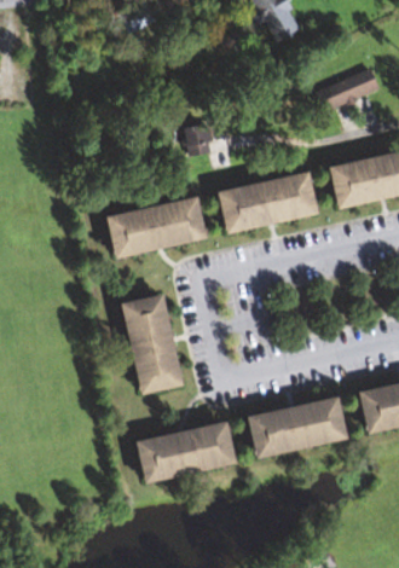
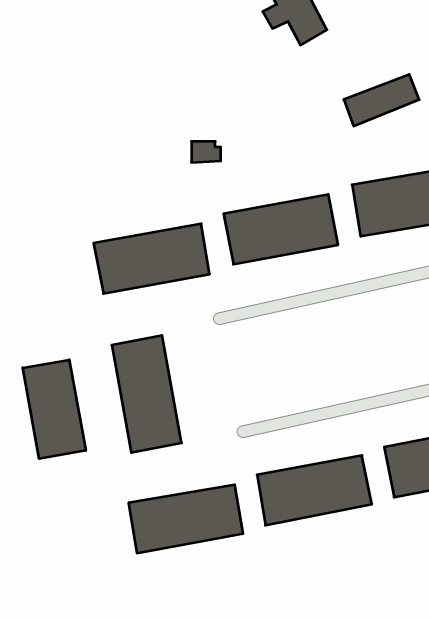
building: none -> [23,360,86,459]

